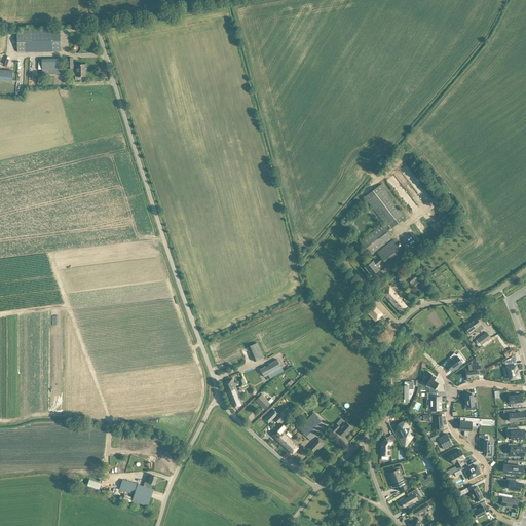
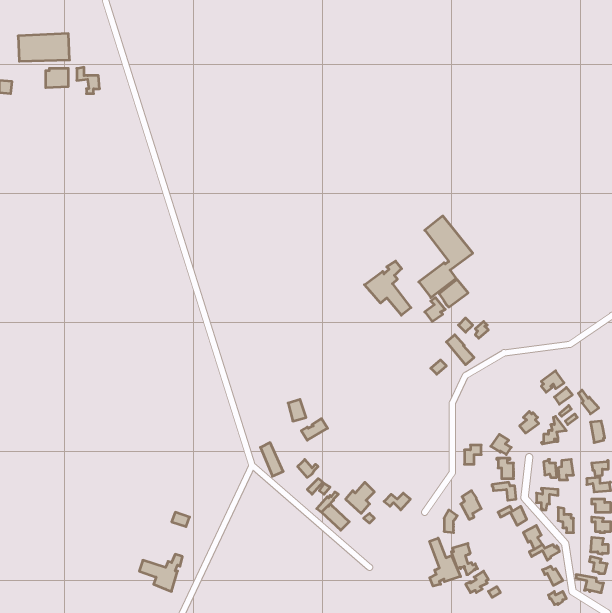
building: none -> [364,261,411,315]
building: none -> [430,538,461,586]

